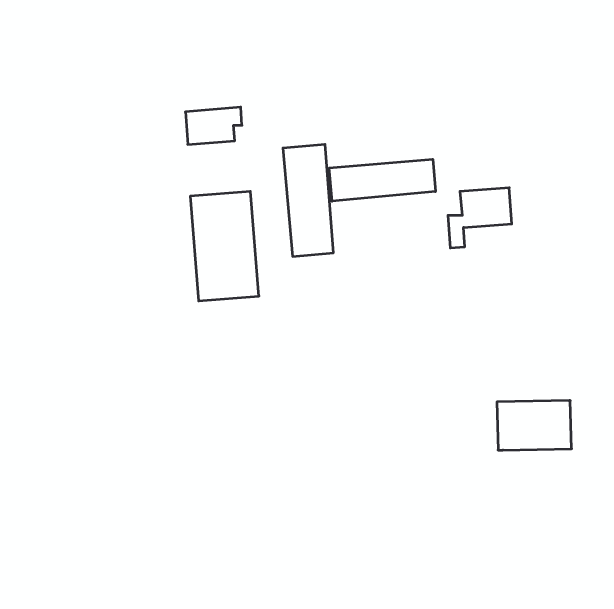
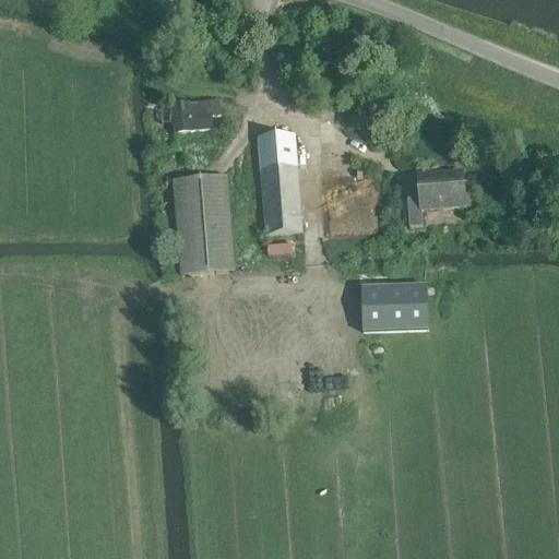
building: [329,159,435,201] -> none
building: [497,401,572,450] -> [360,284,428,329]

